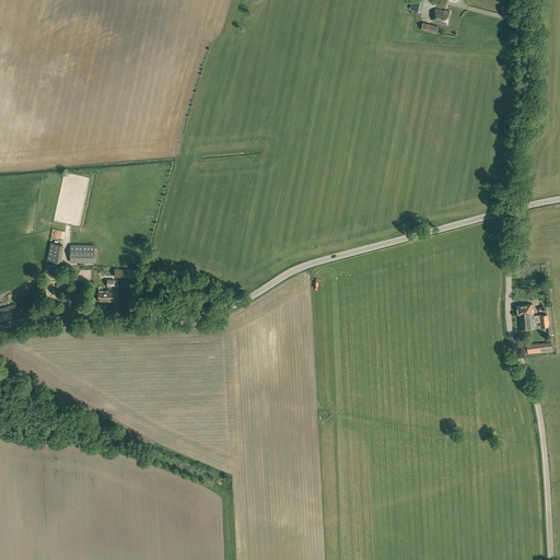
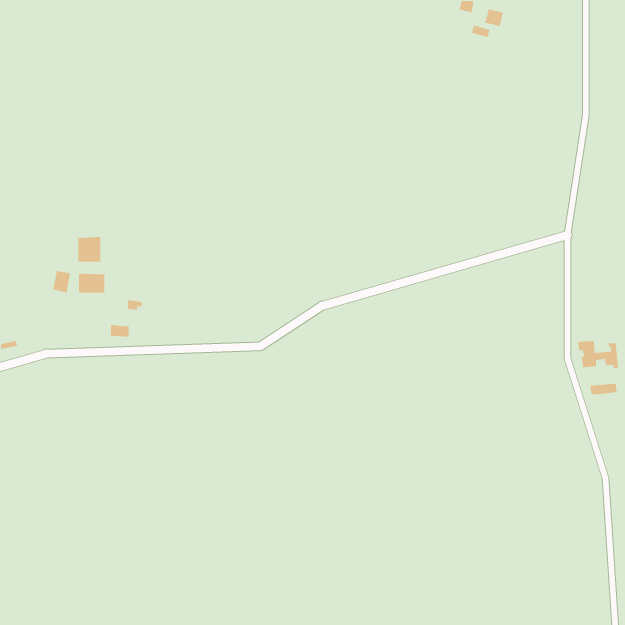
building: none -> [78,236,101,263]

